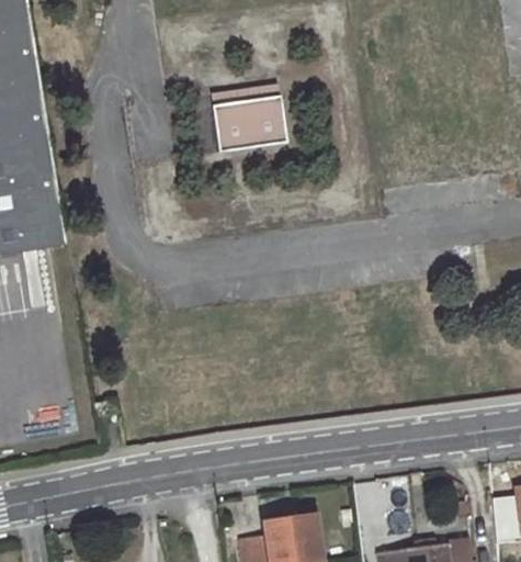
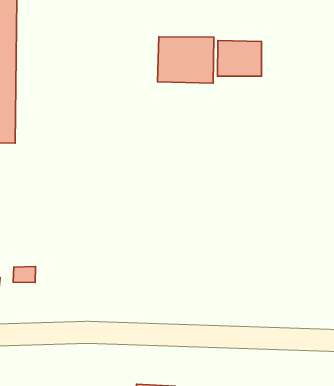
building: none -> [217,41,261,76]

